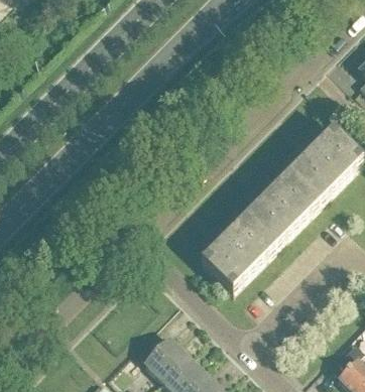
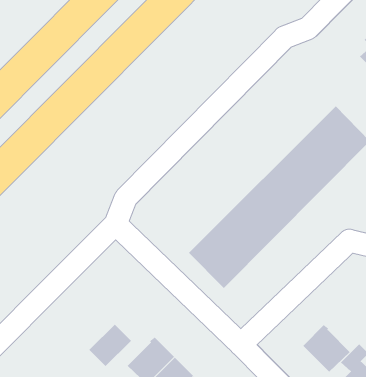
building: none -> [88,324,132,367]
building: none -> [302,324,351,372]

